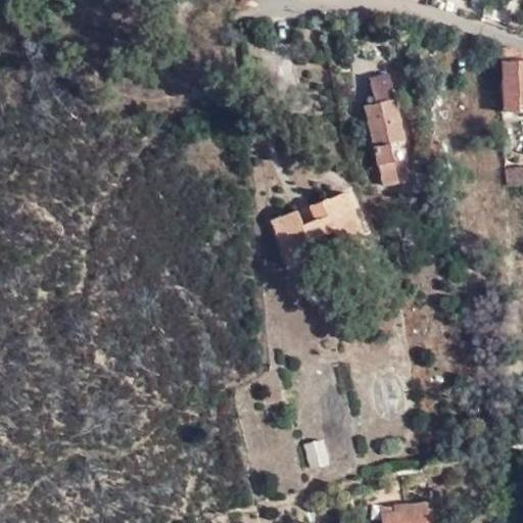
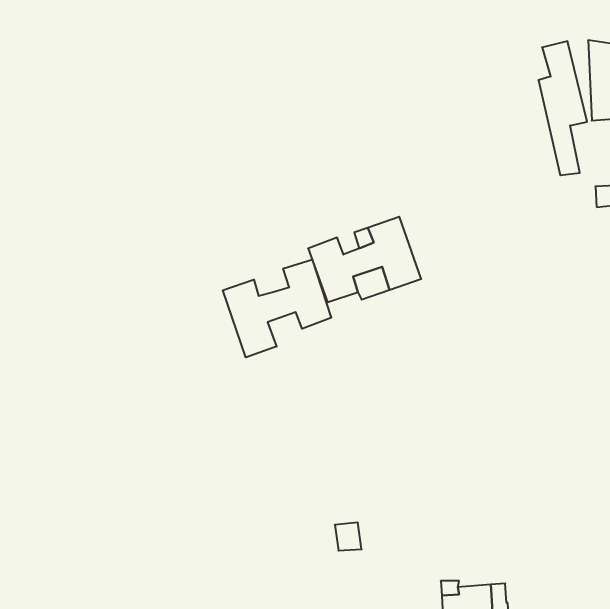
building: [364,70,405,183] -> [538,41,587,175]
building: none -> [223,259,331,357]

